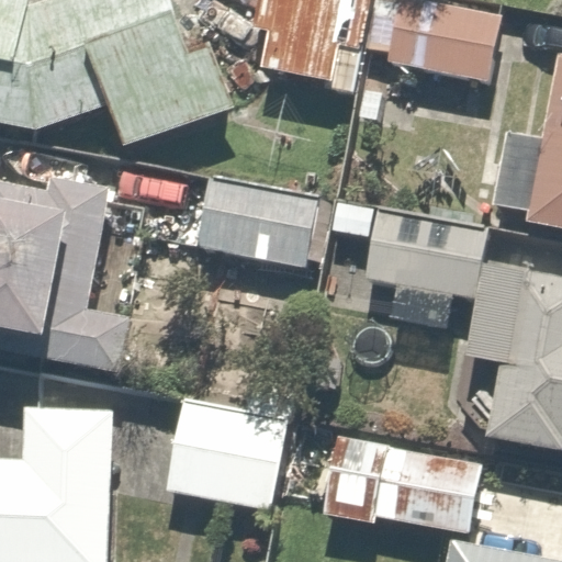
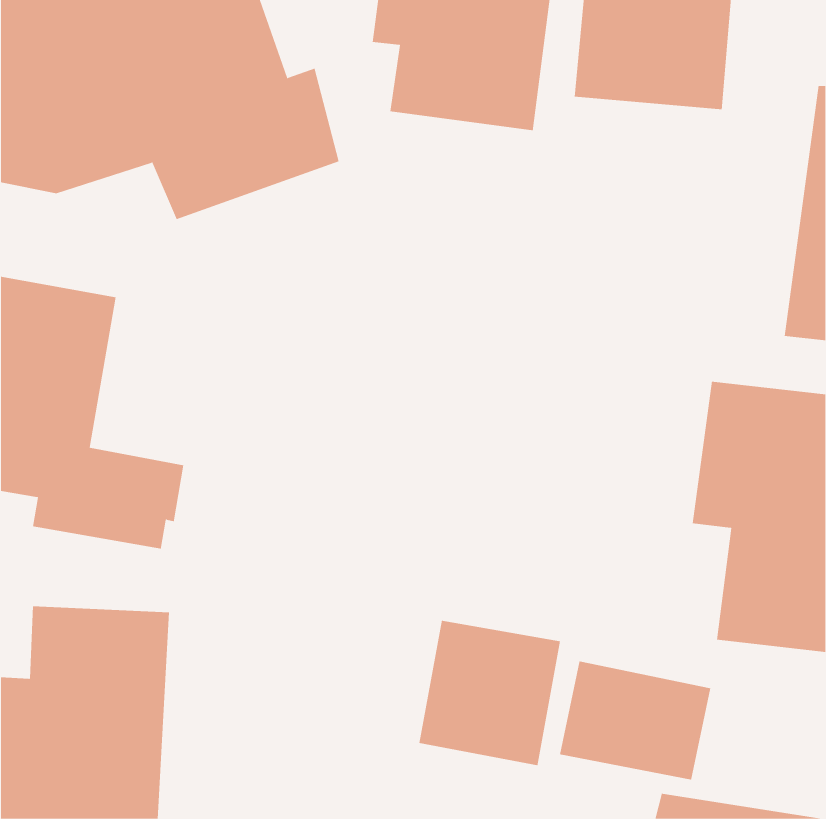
building: [194,178,316,265] -> none
building: [364,207,483,295] -> none
building: [162,374,292,509] -> none

